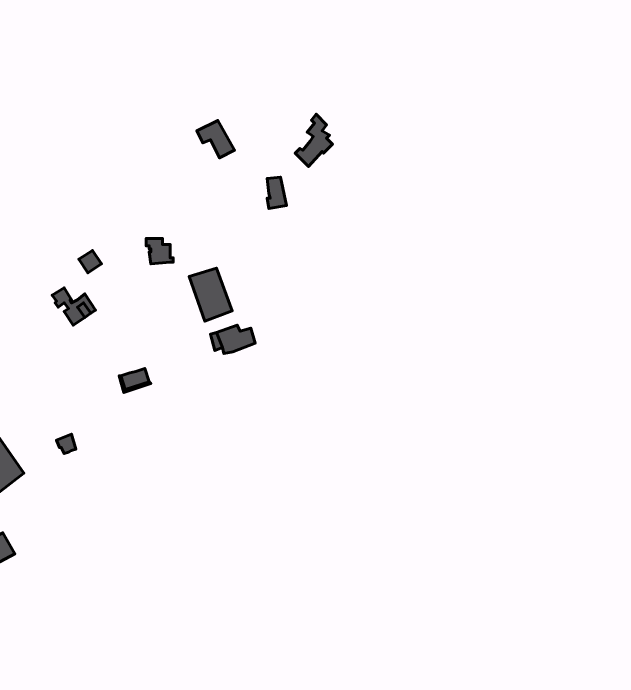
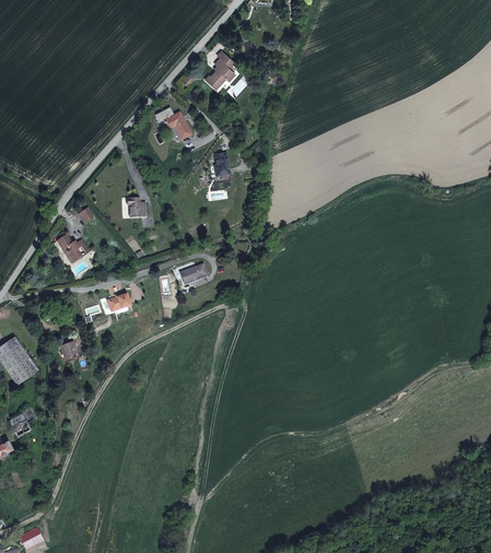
building: [295,114,333,167] -> [206,50,233,89]
building: [189,268,232,321] -> none

